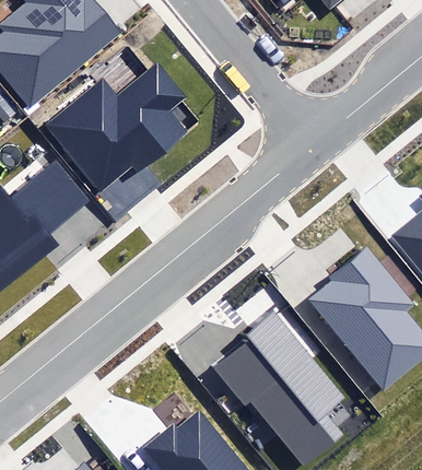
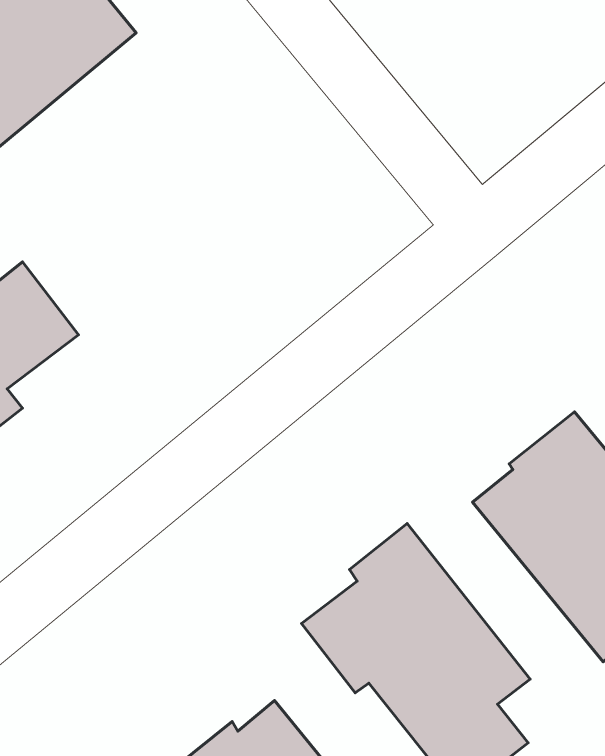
building: [46,60,186,190] -> none

